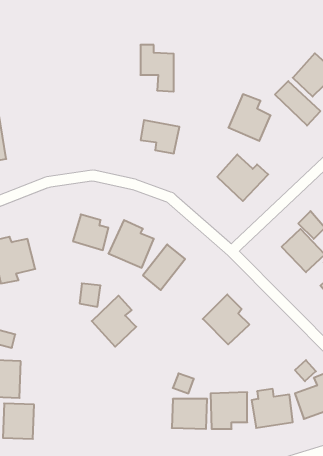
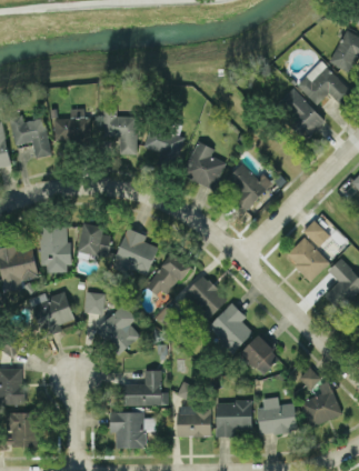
building: [140,45,174,92] -> [103,108,137,154]
building: [228,94,271,141] -> [182,141,225,188]
building: none -> [53,108,89,142]
building: none -> [9,114,52,158]
building: none -> [40,226,69,272]
building: none -> [185,274,227,317]
building: none -> [31,290,76,333]
building: none -> [240,334,279,374]
building: none -> [122,370,161,405]
building: none -> [109,411,154,448]

